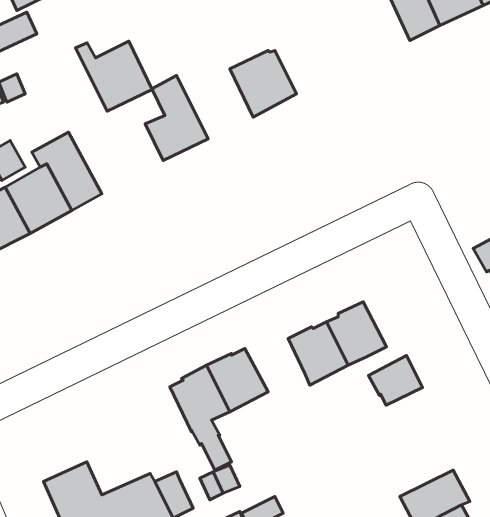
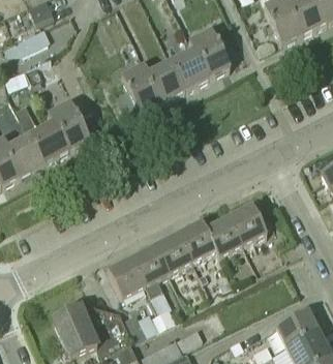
building: none -> [188,29,231,77]
building: [75,41,152,111] -> [137,61,184,104]
building: none -> [179,221,216,262]
building: [368,356,423,405] -> none
building: none -> [108,259,146,298]

